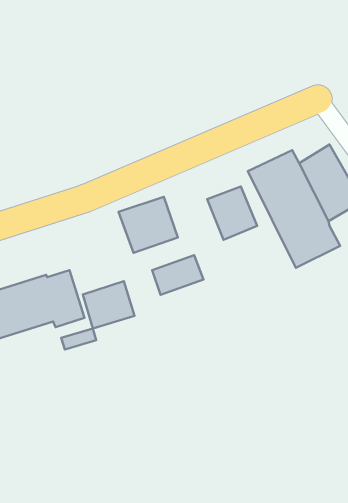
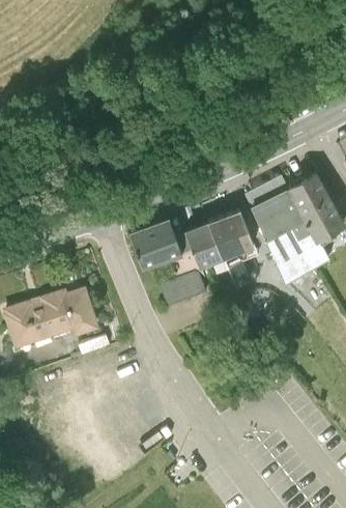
building: none -> [183,222,222,267]
building: [83,281,135,328] -> none

